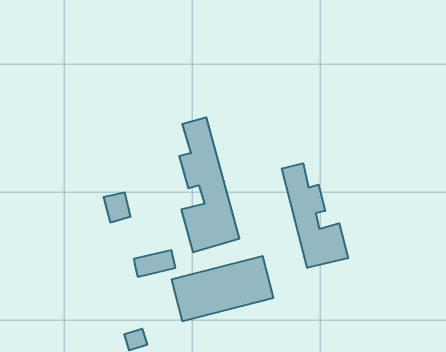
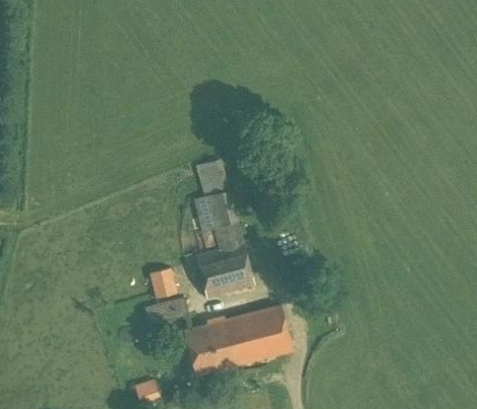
building: [282,163,348,268] -> none
building: [103,192,131,222] -> [148,269,177,300]

